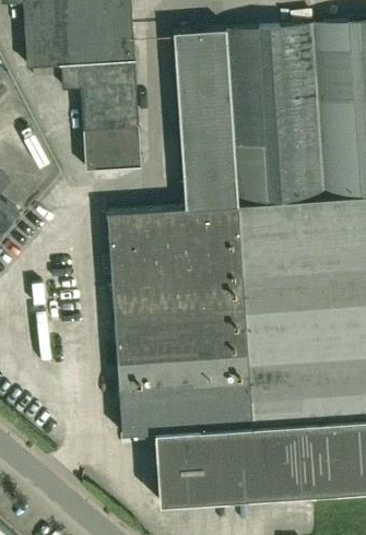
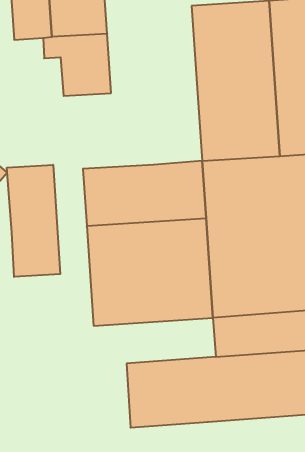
building: [174,28,240,207] -> none
building: [83,127,141,170] -> none
building: none -> [7,165,60,277]
building: [118,380,256,433] -> none

